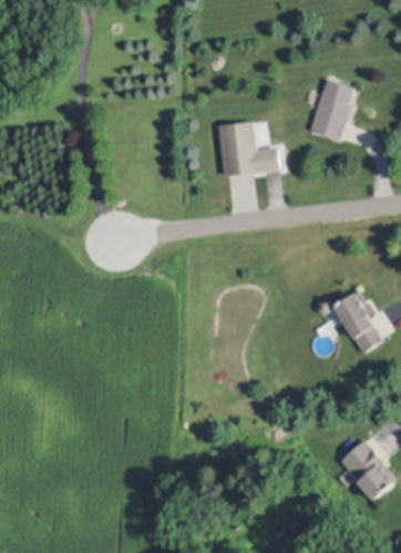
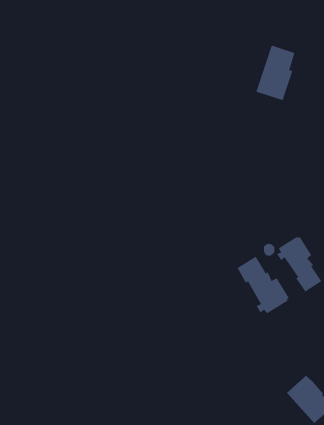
building: [218,121,279,175] -> none
building: none -> [237,256,290,314]

